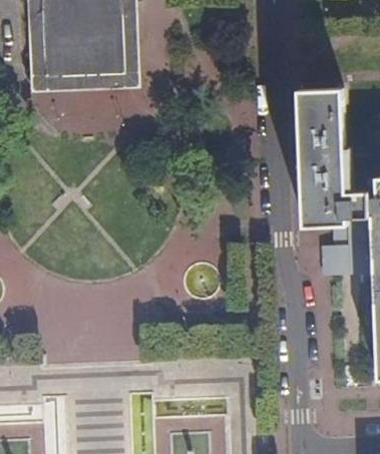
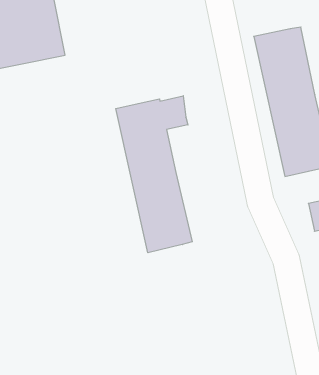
building: none -> [116,96,192,253]

